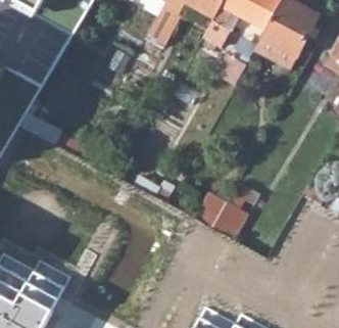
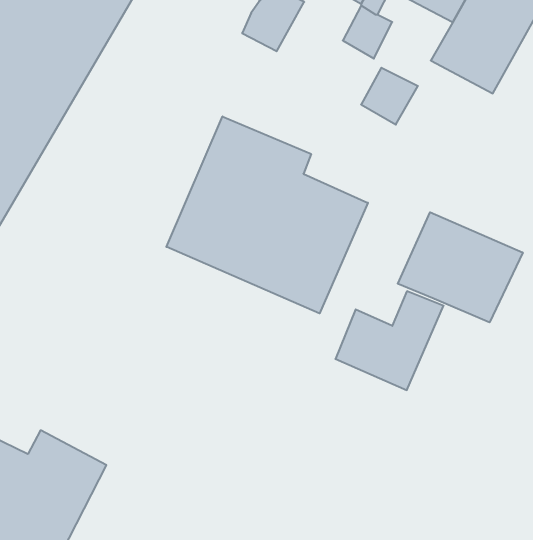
building: none -> [166,116,368,313]
building: none -> [398,212,523,322]

